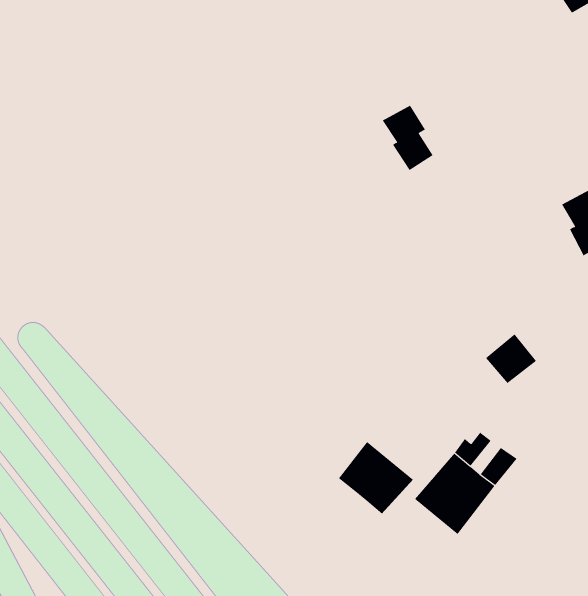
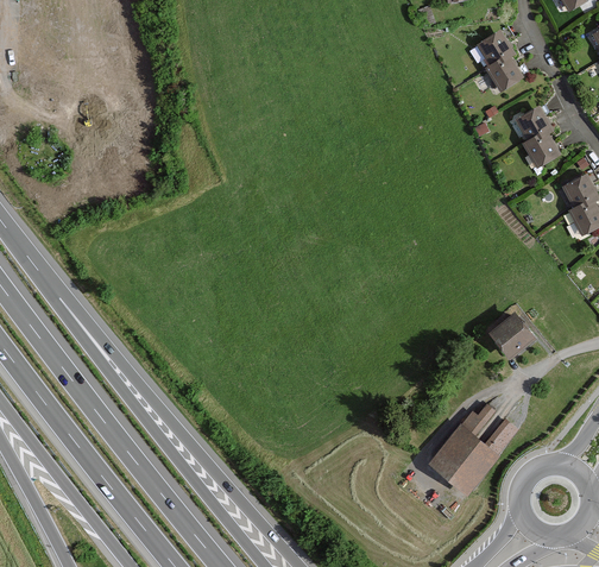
building: [382,105,434,171] -> [477,33,524,94]
building: none -> [513,108,560,170]
building: [338,441,414,515] -> none

